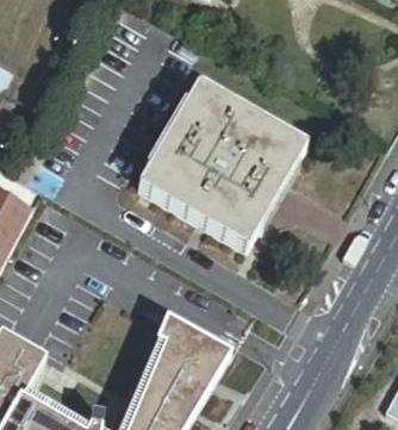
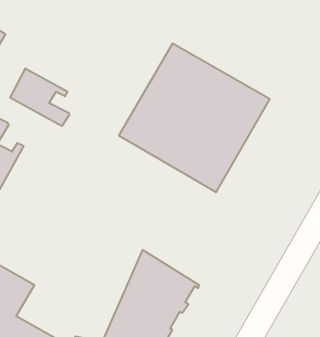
building: none -> [10,68,69,126]

